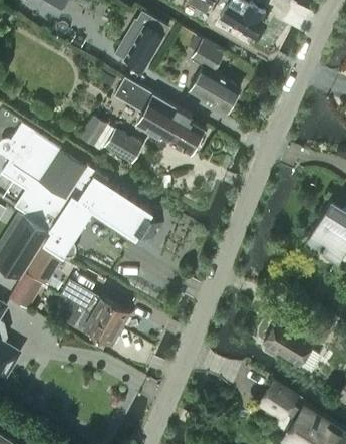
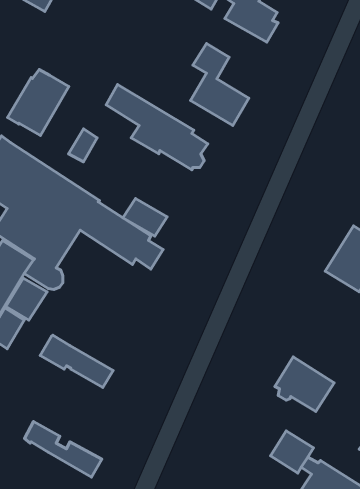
building: [114,12,168,70] -> [7,70,69,136]
building: [104,130,143,163] -> [123,198,167,236]
building: [61,280,129,329] -> [24,421,102,477]

